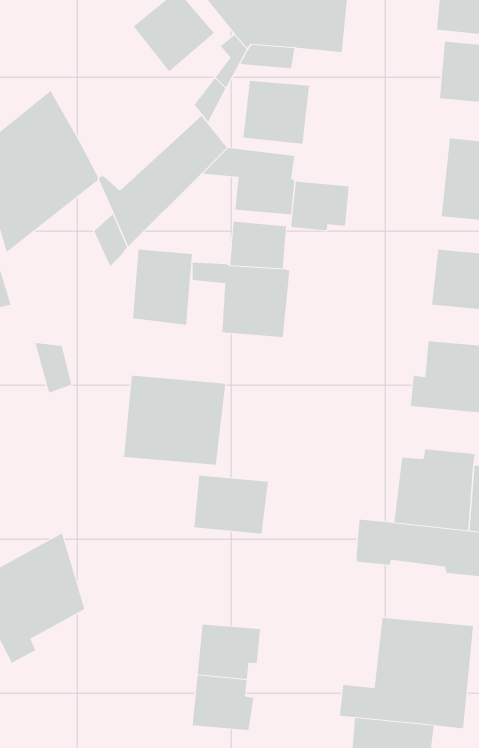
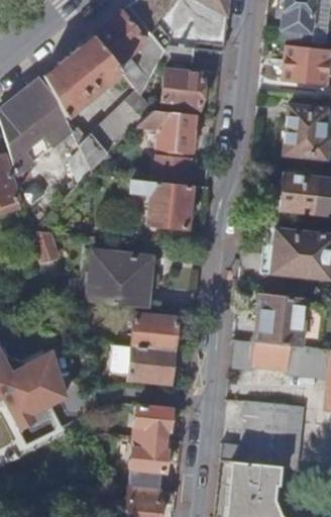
building: none -> [44,36,123,117]
building: [290,181,349,231] -> none
building: [132,249,193,326] -> none
building: none -> [114,343,175,382]

